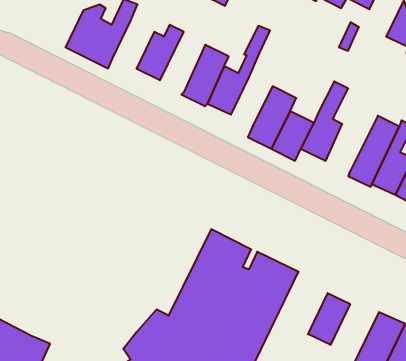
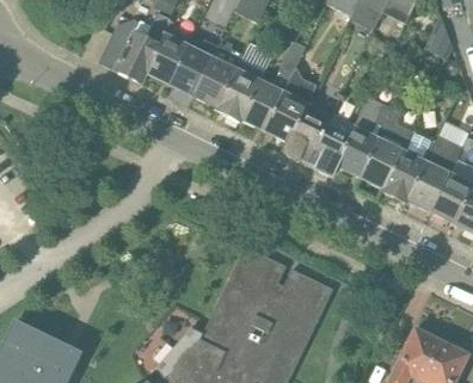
building: none -> [146,36,188,84]
building: none -> [193,42,242,107]
building: none -> [265,68,315,142]
building: none -> [361,110,413,189]
building: [308,293,350,345] -> none

